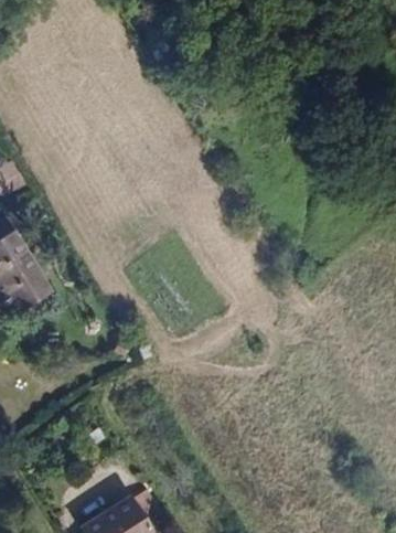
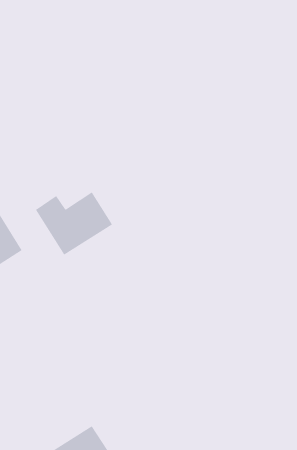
building: none -> [35,191,113,256]

